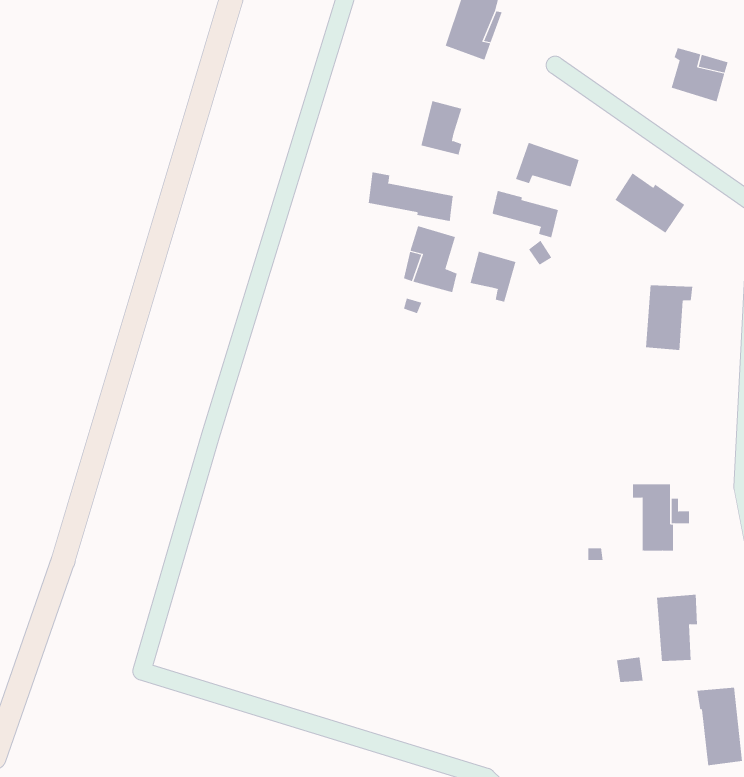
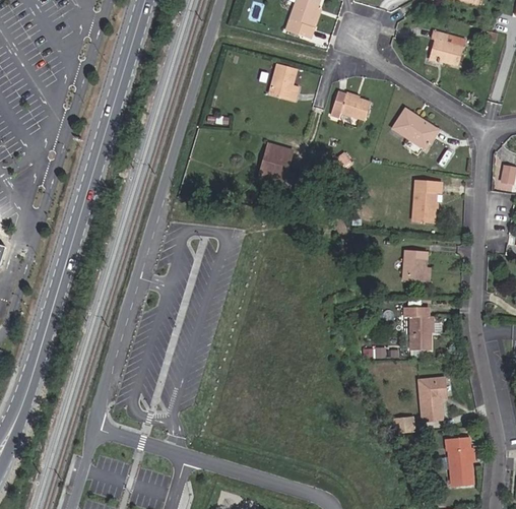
building: [368,171,453,222] -> none
building: [492,190,558,238] -> none
building: [470,251,516,302] -> none
building: none -> [402,249,428,280]

